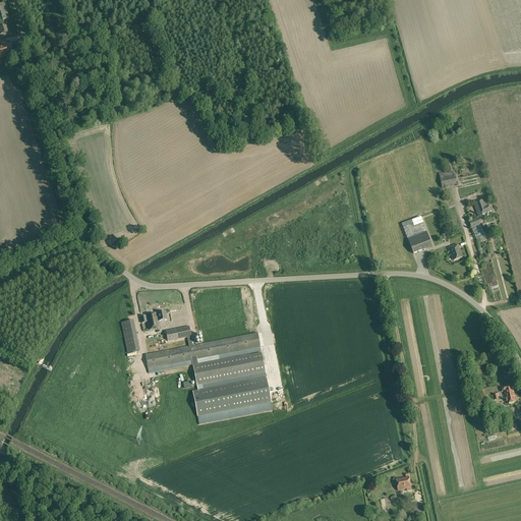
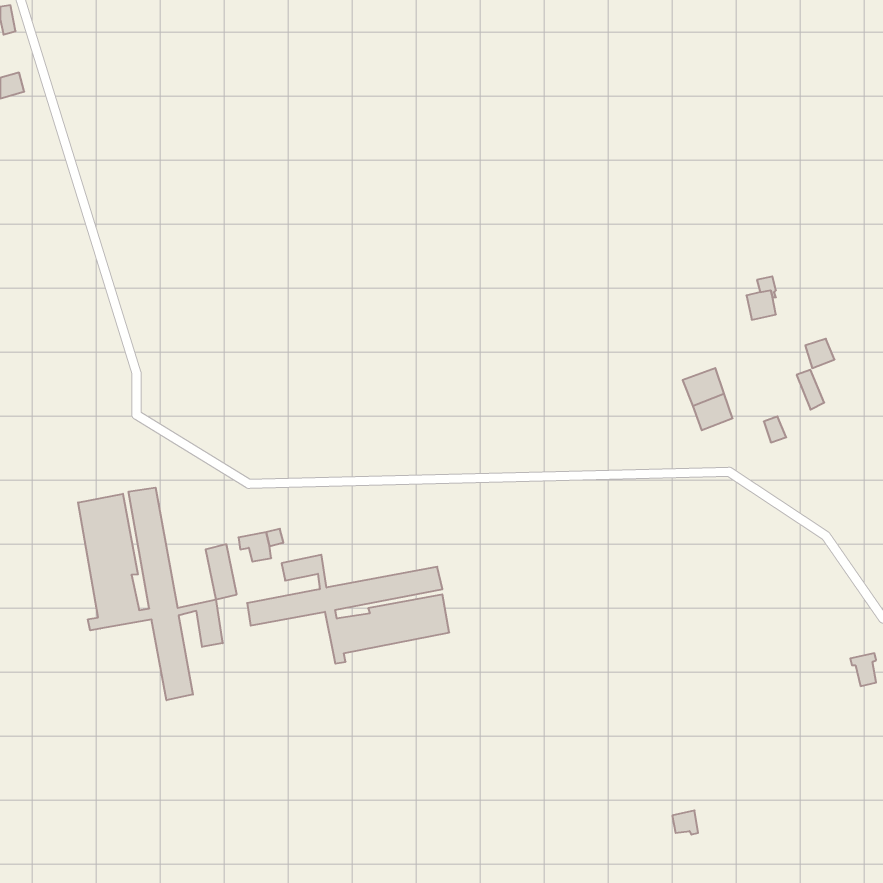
building: none -> [78,488,223,700]
building: [192,378,271,417] -> none

